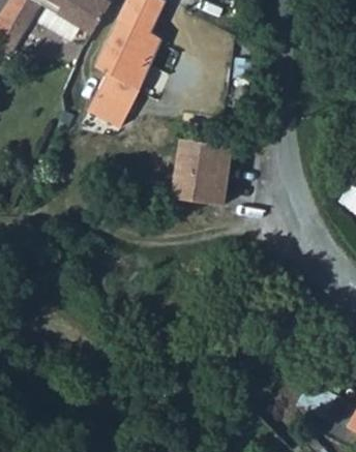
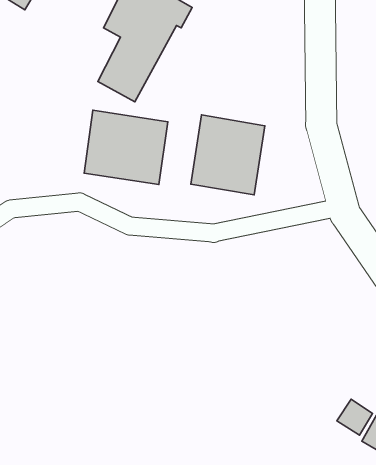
building: none -> [84,110,168,185]

